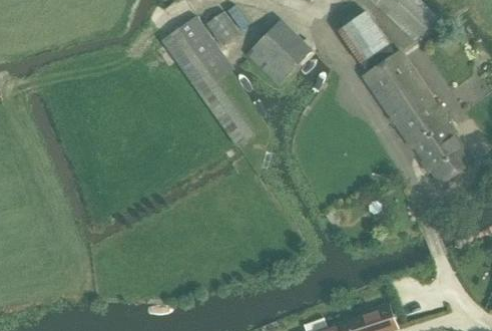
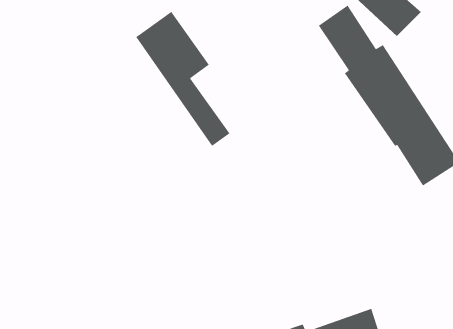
building: [206,10,239,45] -> none
building: [245,18,312,84] -> none

